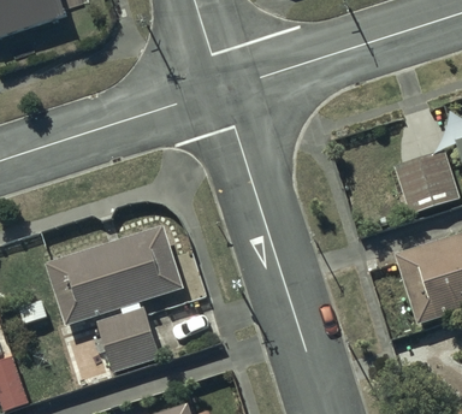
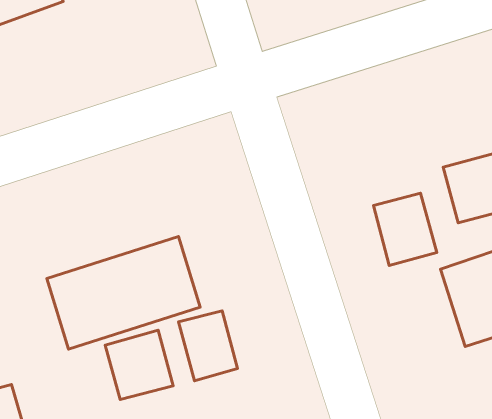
building: none -> [374,193,437,265]
building: none -> [179,311,237,381]

